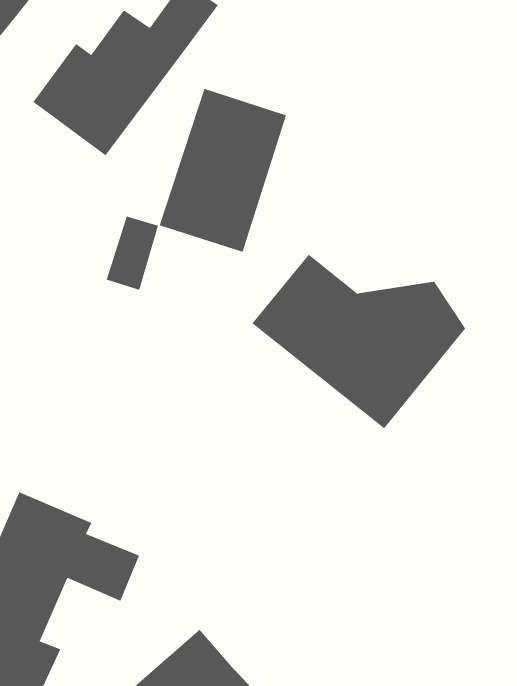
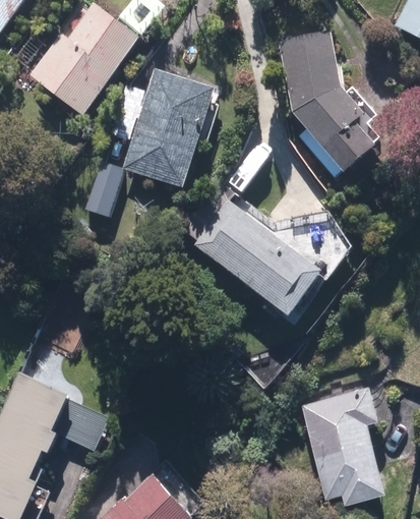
building: none -> [280,33,385,178]
building: none -> [300,386,384,507]

